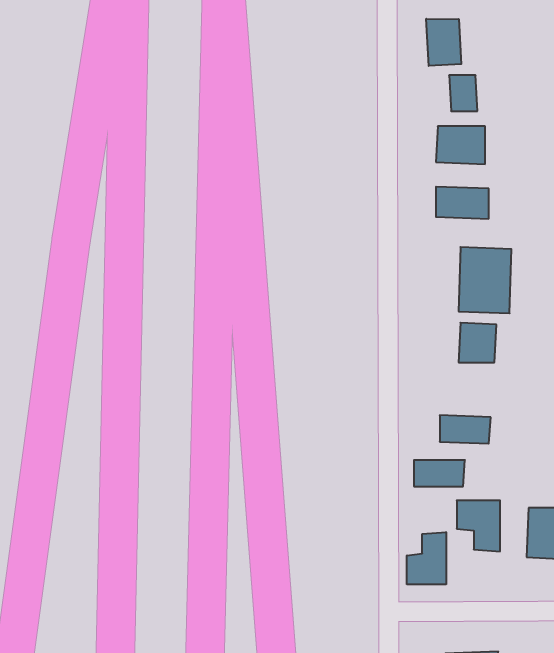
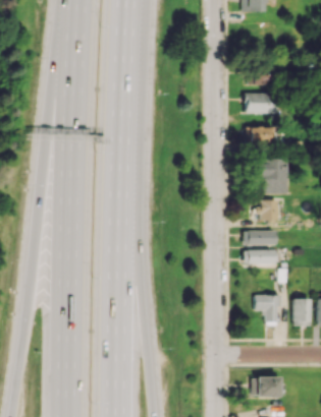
building: [426,19,461,66] -> none
building: [414,460,465,486] -> [248,231,275,245]
building: [407,532,446,584] -> none

